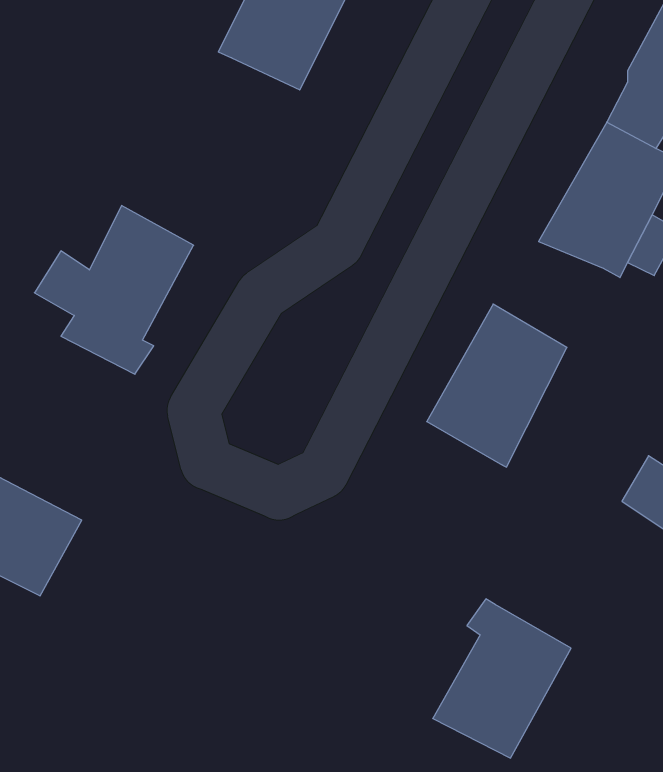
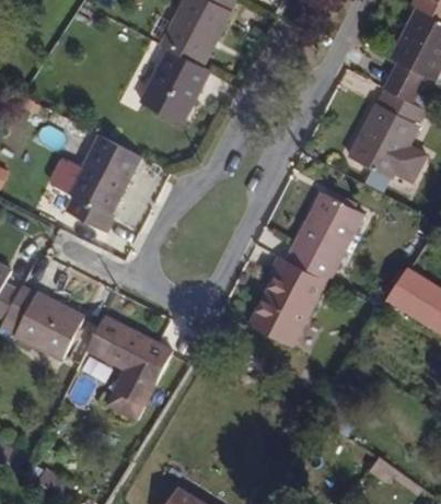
building: none -> [139,49,217,128]
building: none -> [82,313,172,407]
building: [433,599,571,758] -> [244,256,324,348]

